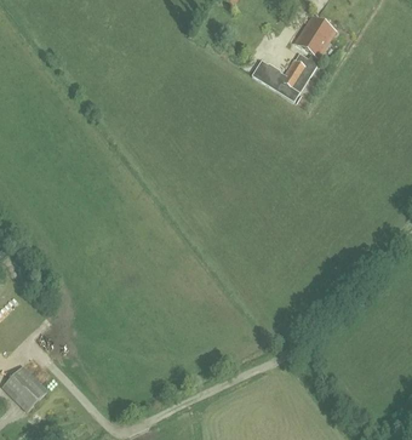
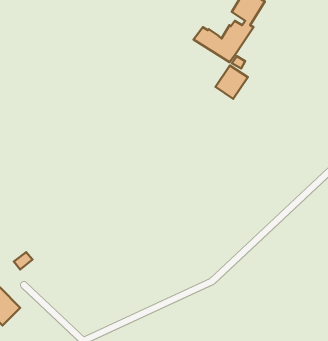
building: none -> [216,65,248,99]

